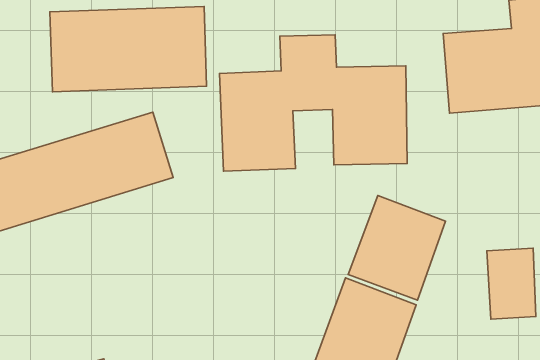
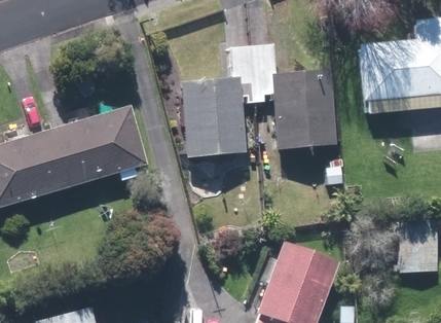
building: [50,6,207,92] -> none
building: [348,196,445,300] -> none

